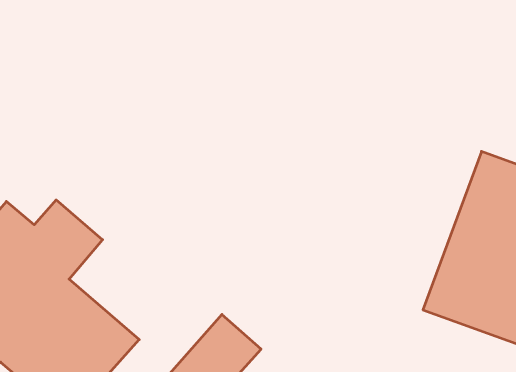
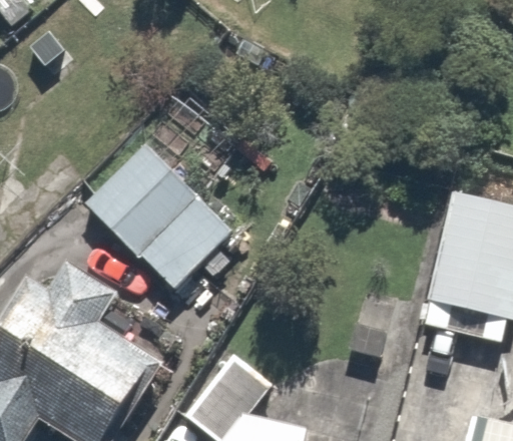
building: none -> [88,144,239,294]

